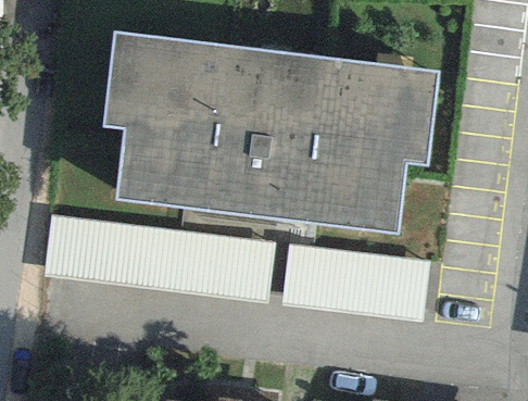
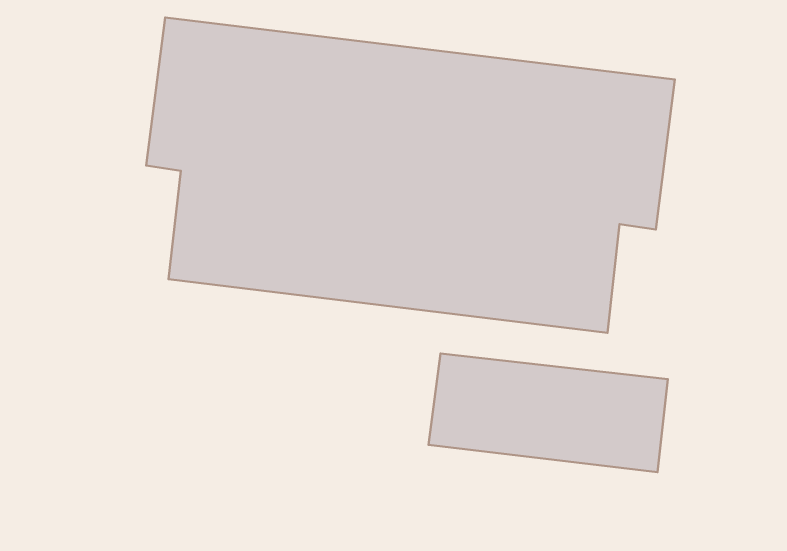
building: [45,216,275,303] -> none

